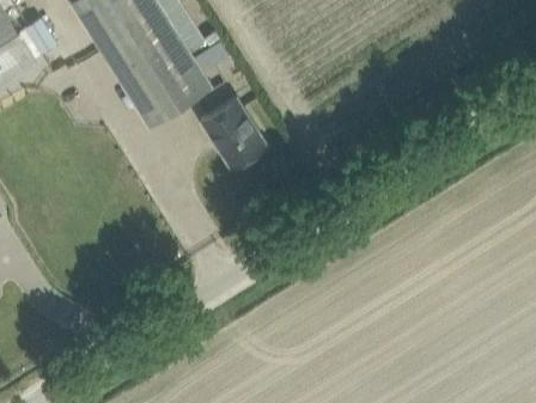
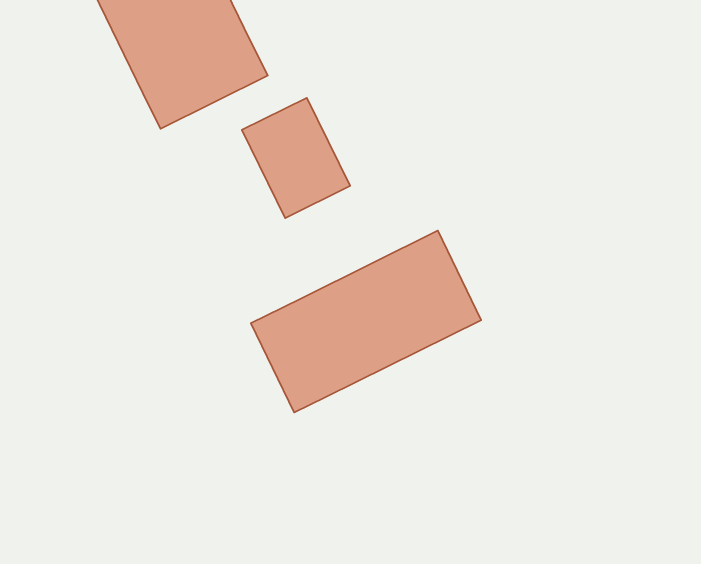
building: none -> [251,231,481,413]

